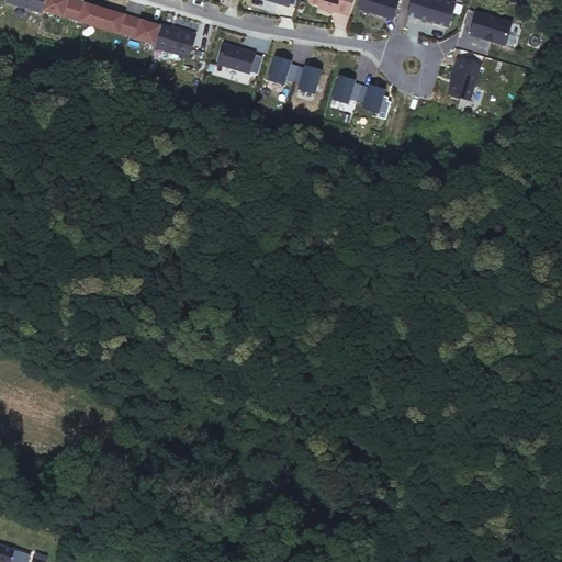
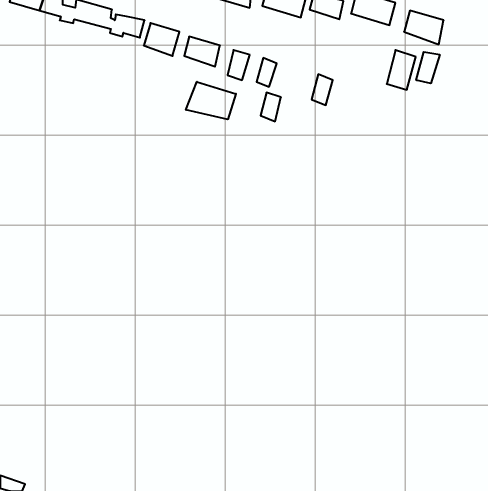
building: none -> [416,52,440,83]
building: [331,76,355,109] -> [261,93,281,121]
building: none -> [186,82,236,119]

